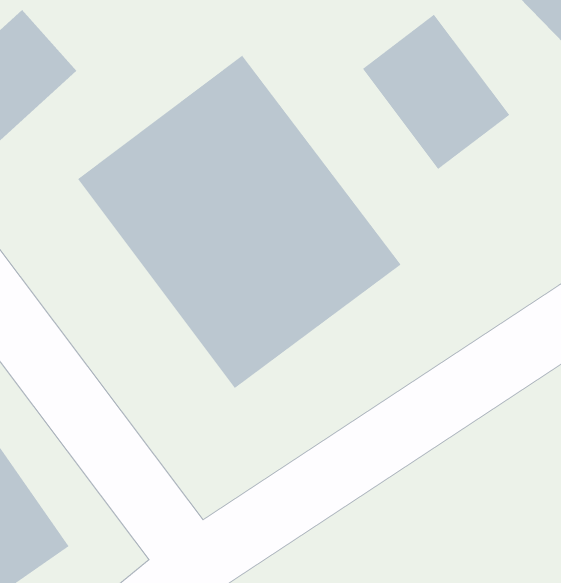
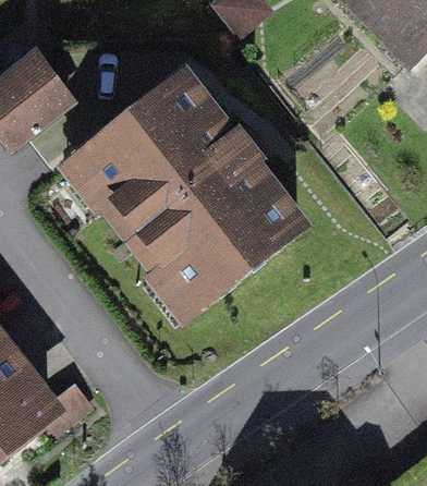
building: [362,14,510,170] -> none

